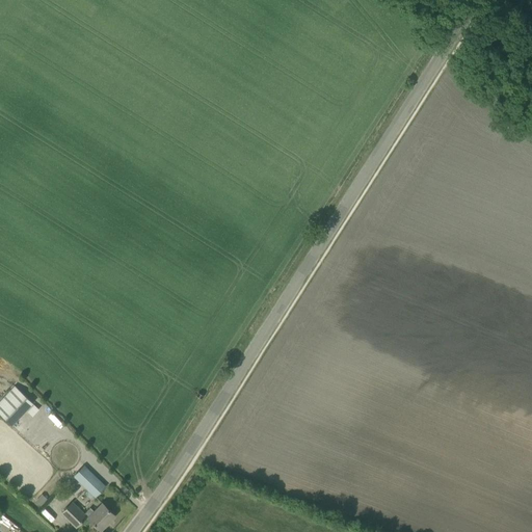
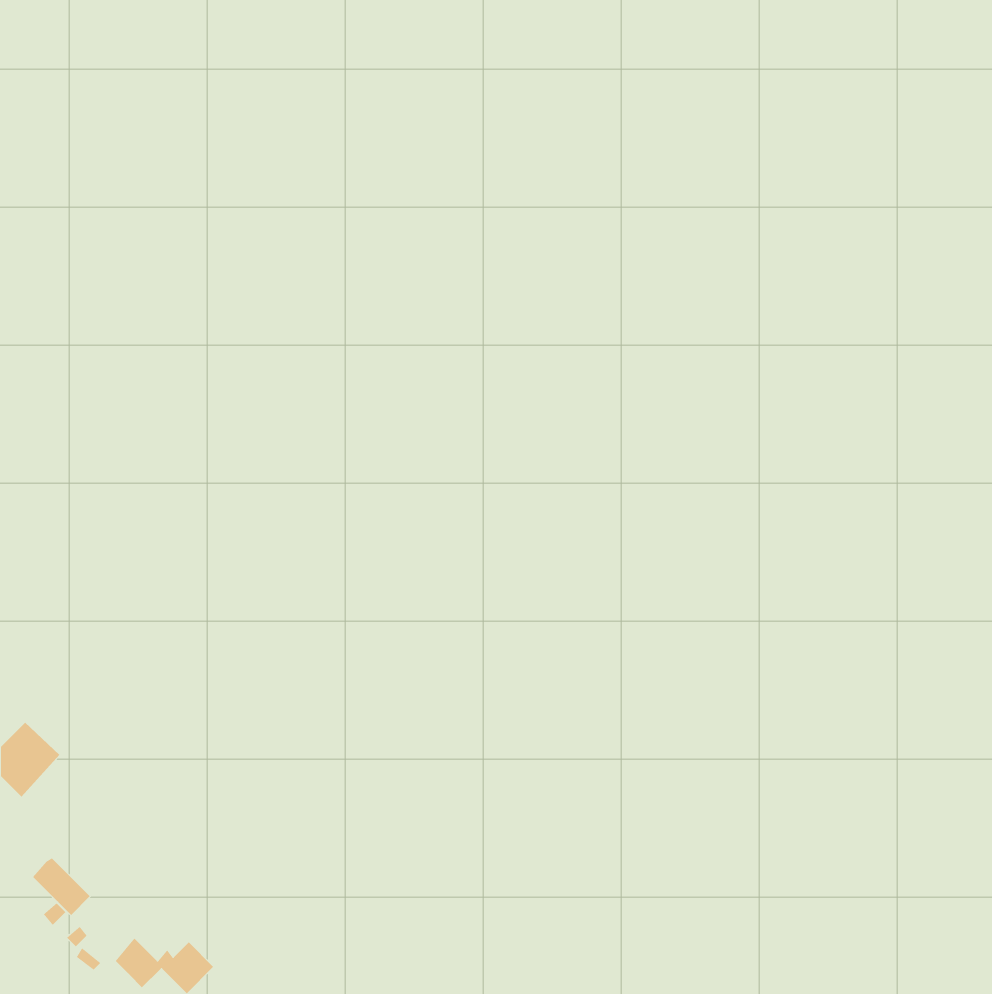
building: [75,466,106,497] -> [32,857,91,916]

